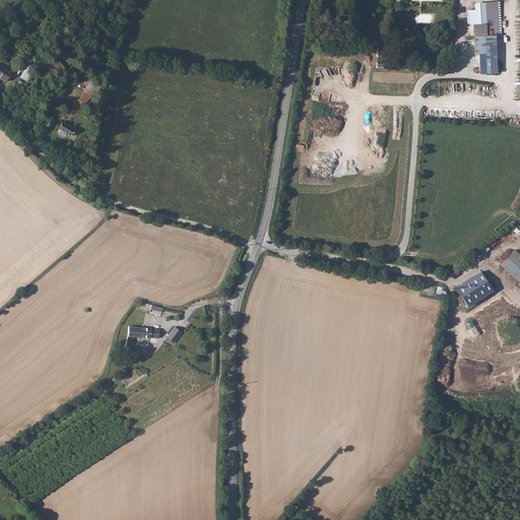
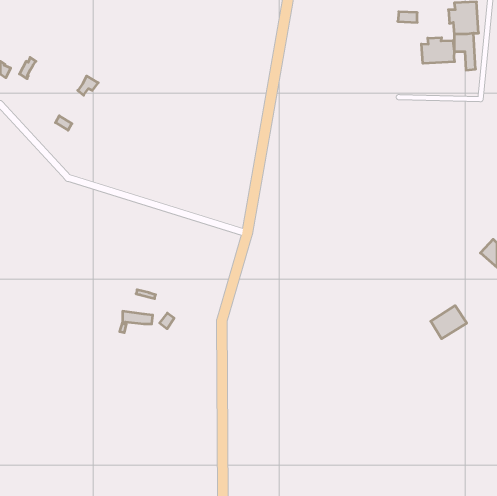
building: none -> [421,38,455,63]
building: [456,273,494,308] -> [431,306,467,339]

